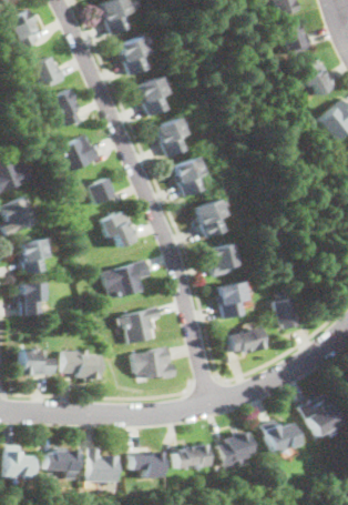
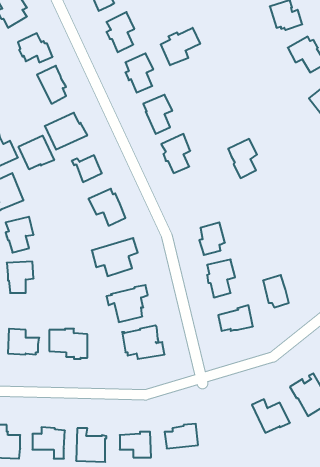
building: none -> [161,28,200,65]
building: none -> [19,136,54,169]
building: [196,199,225,238] -> [228,139,257,178]
building: [221,432,256,466] -> none

